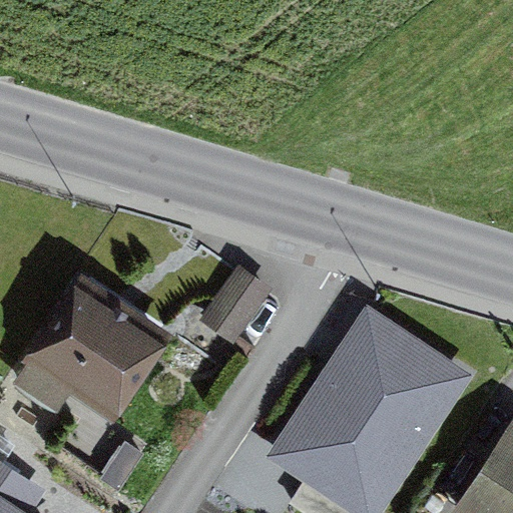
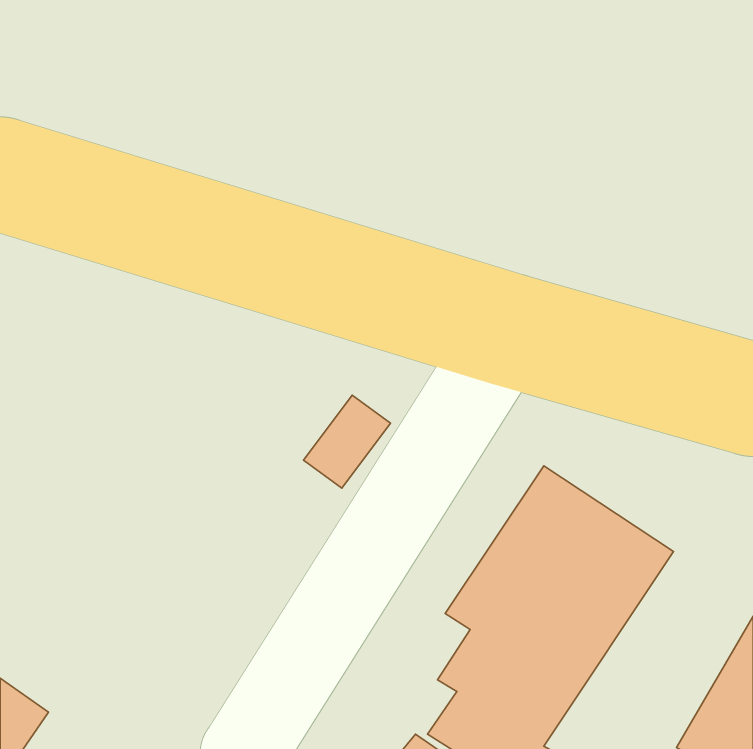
building: [21,289,153,406] -> none

